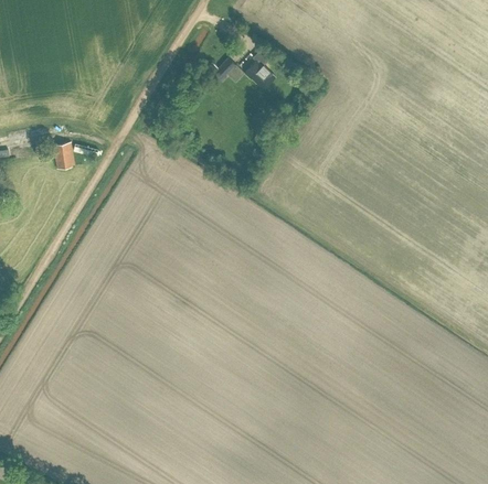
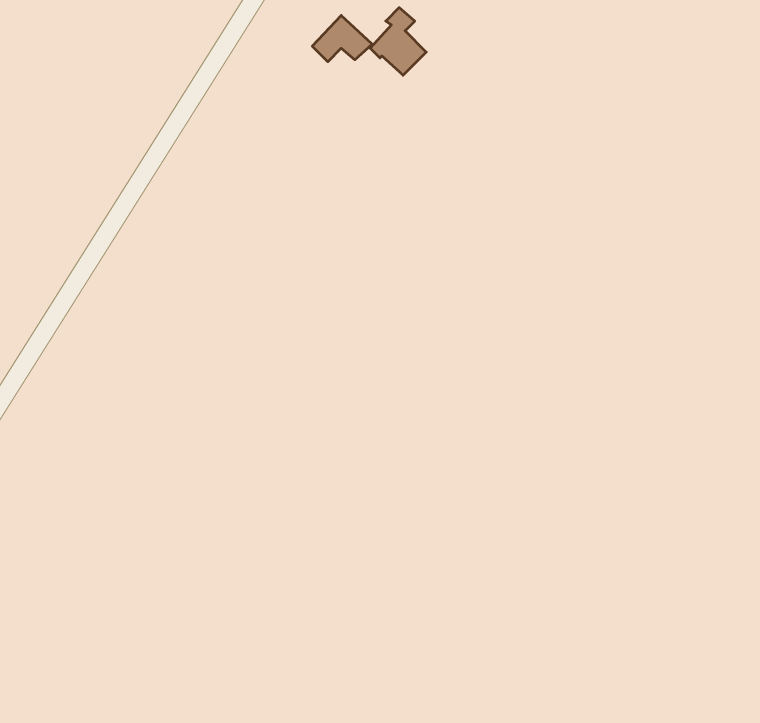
building: [52,141,74,169] -> none

